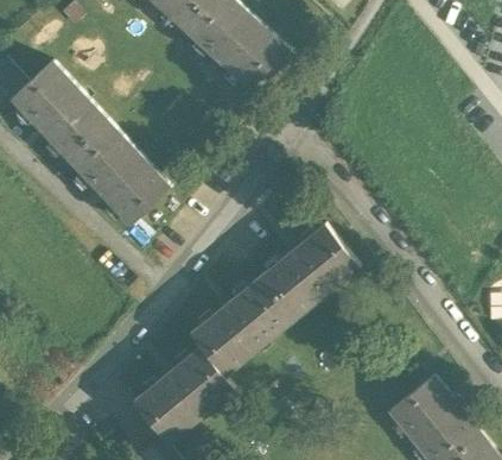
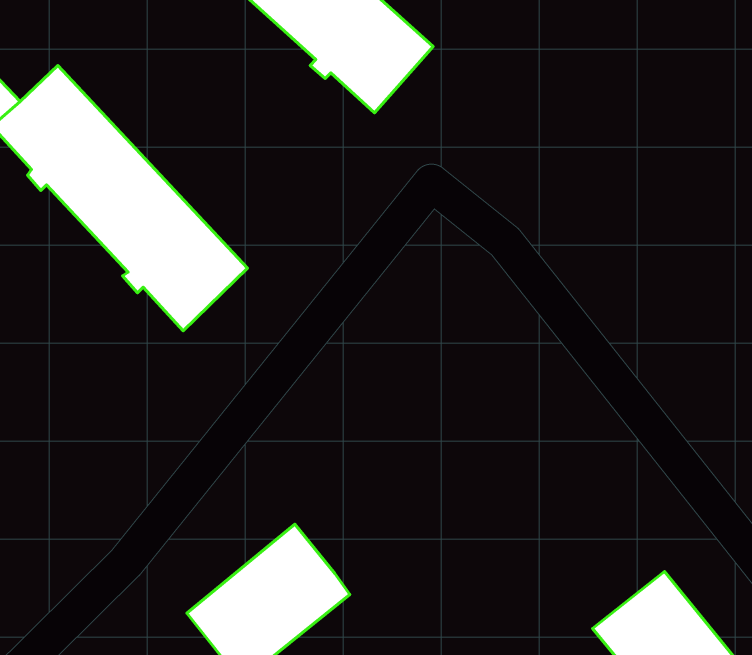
building: [190,223,360,377] -> none

